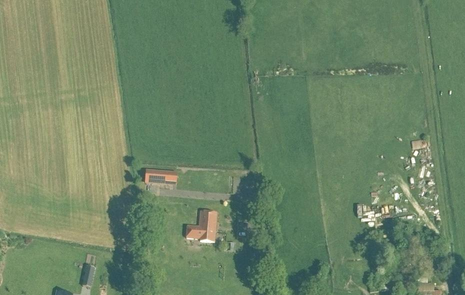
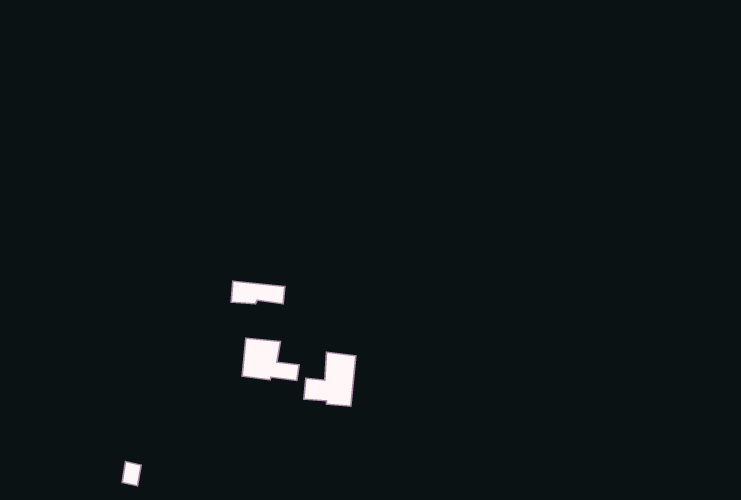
building: none -> [242,338,299,380]

